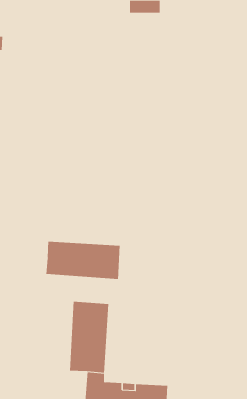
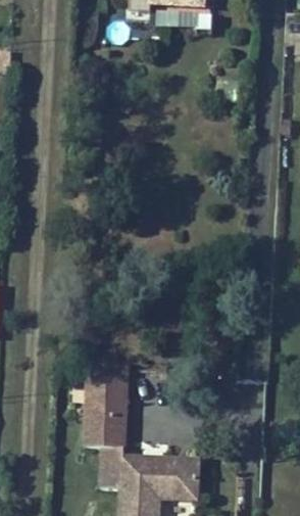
building: [46,241,120,280] -> none

